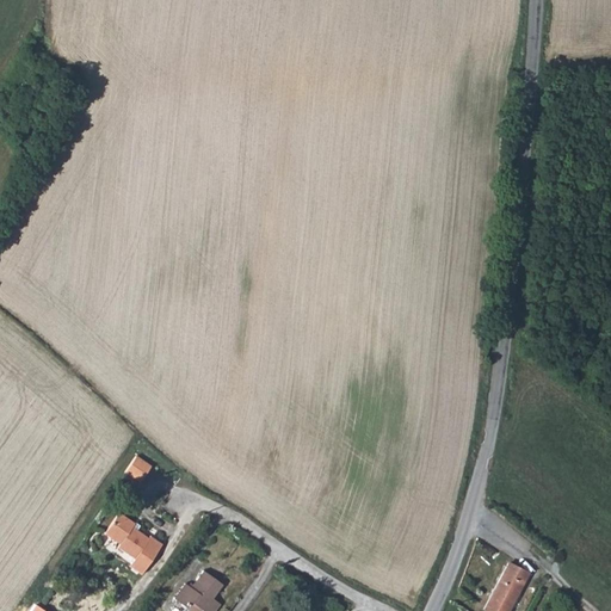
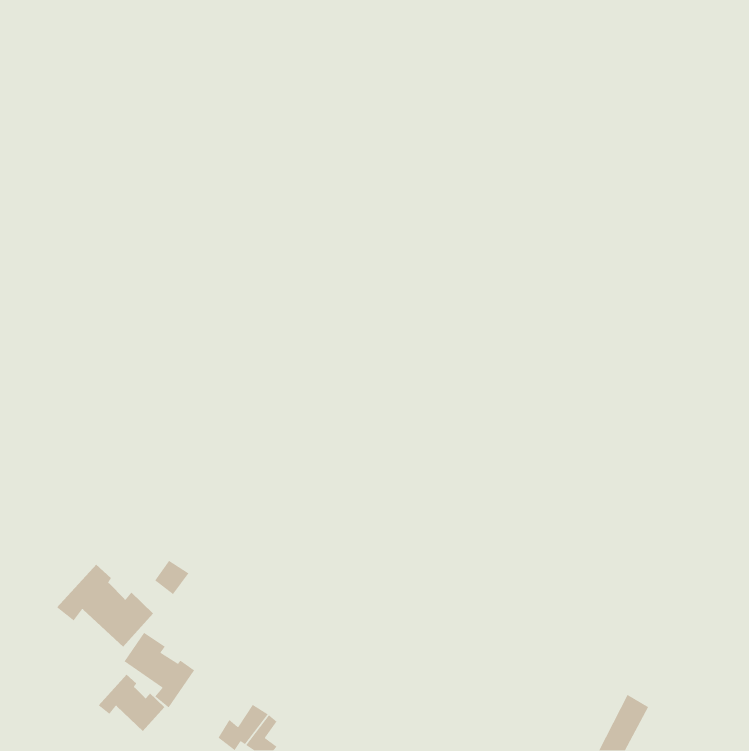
building: none -> [56,564,154,648]
building: none -> [98,674,165,732]

